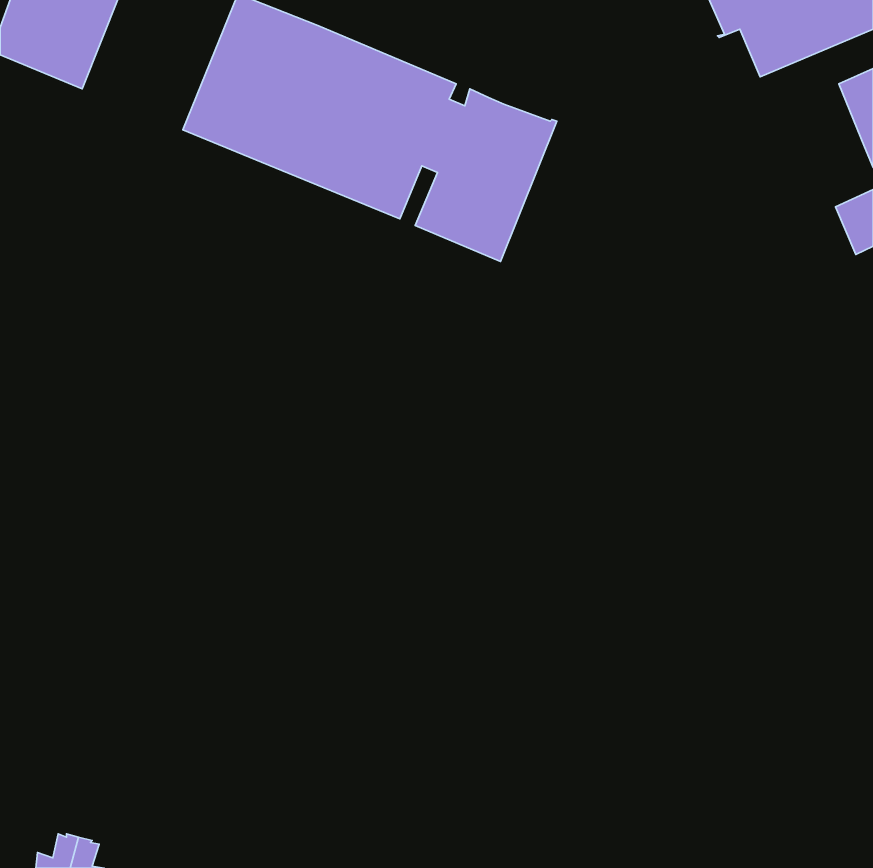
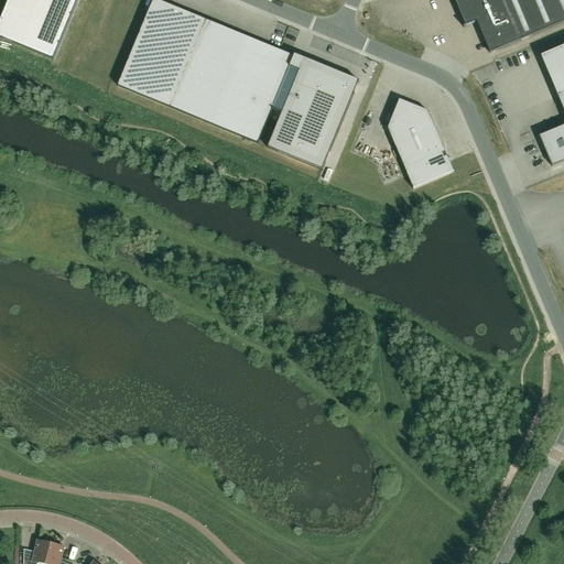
building: none -> [388,97,454,186]

